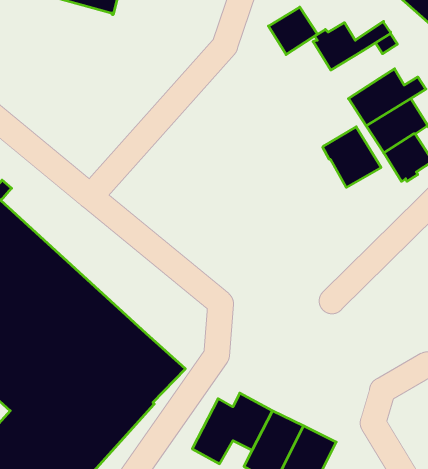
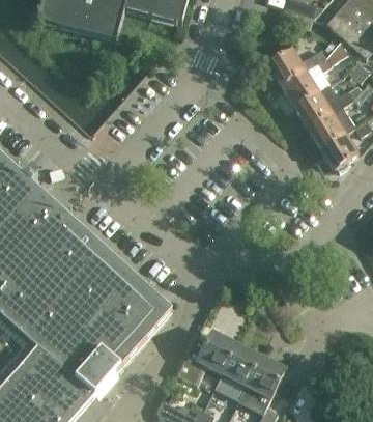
building: [268,7,317,55] -> [282,69,319,106]
building: [323,127,381,187] -> none

